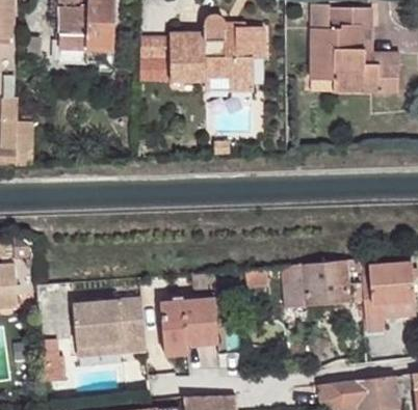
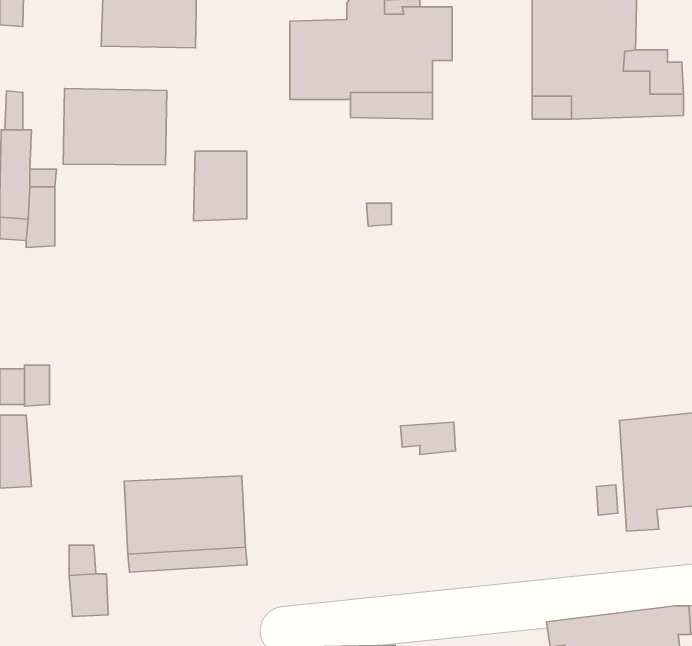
building: [138,37,169,78] -> [194,151,247,221]
building: none -> [63,89,167,165]
building: [279,258,363,309] -> none
building: [160,299,219,355] -> none

